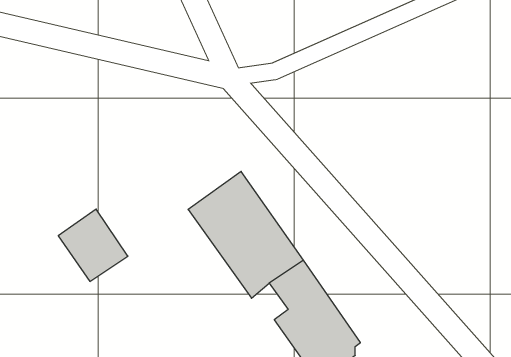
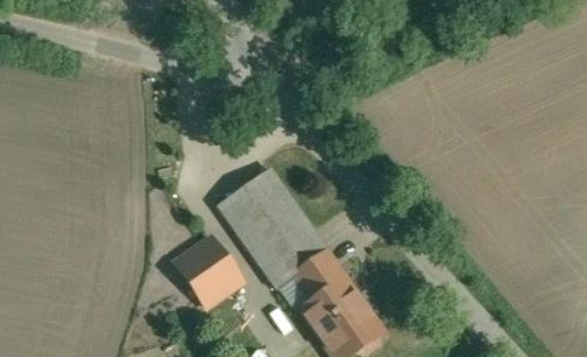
building: [58,209,128,281] -> [175,236,242,305]

